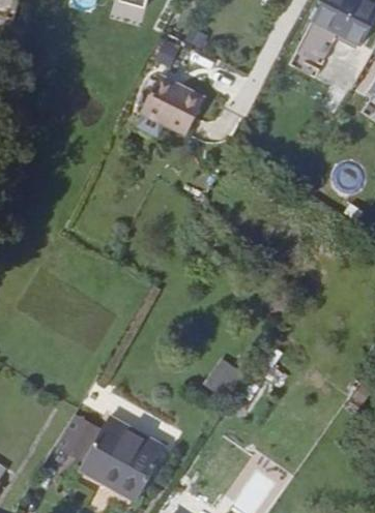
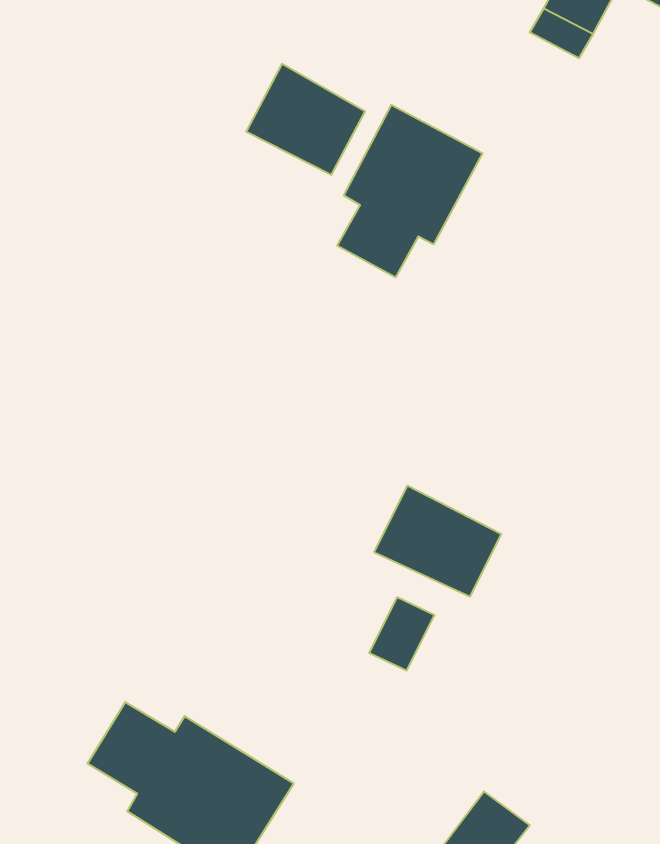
building: none -> [337,105,482,277]
building: none -> [374,486,501,597]

